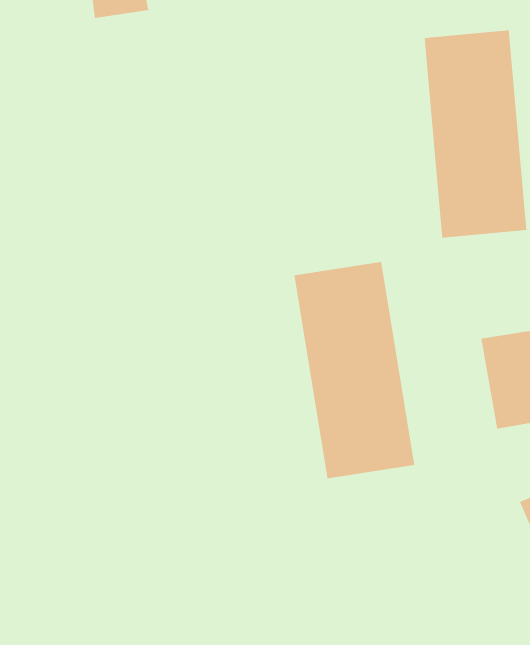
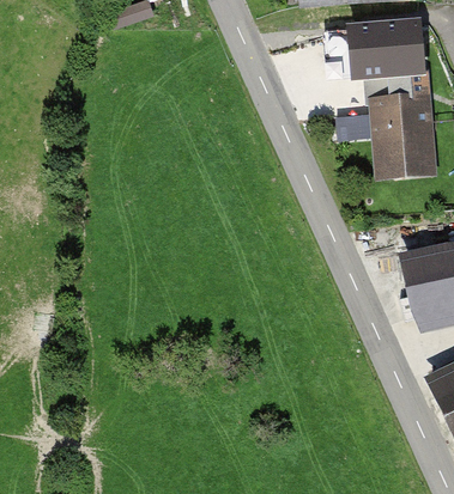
building: [294,261,415,479] -> none

